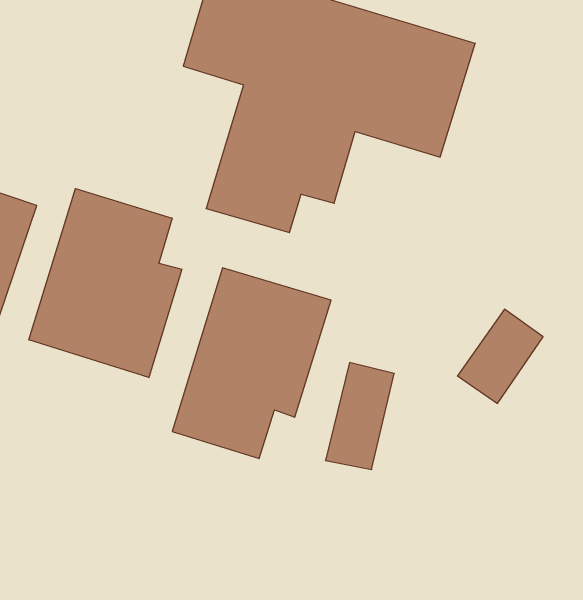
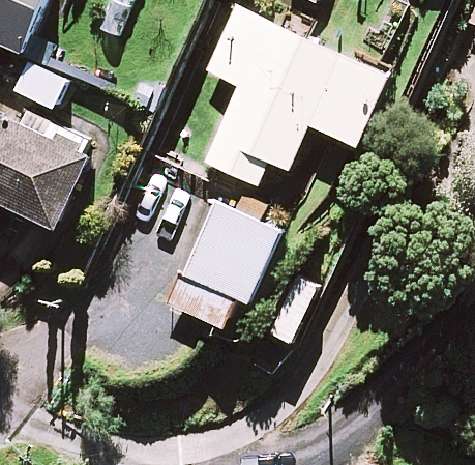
building: [29,189,182,378] -> none

